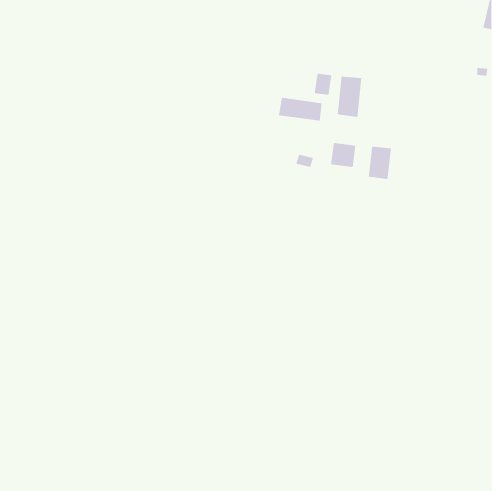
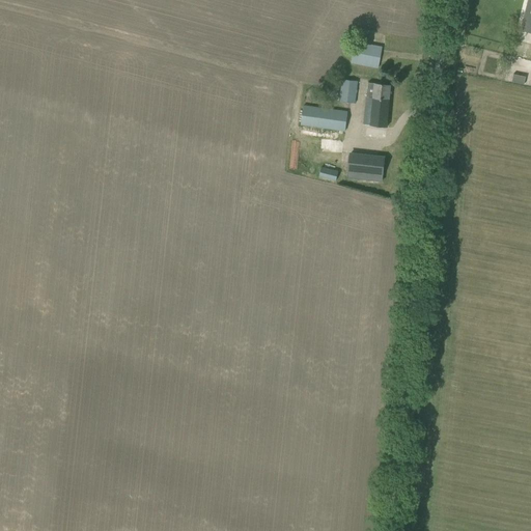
building: none -> [351,40,382,66]
building: [368,146,392,180] -> none

